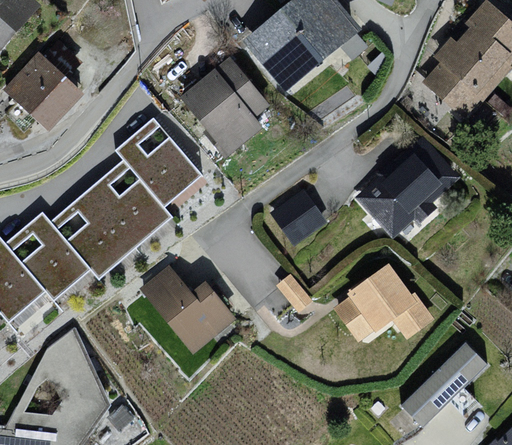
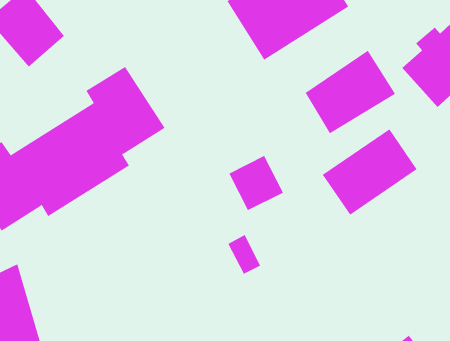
building: [177,53,270,158] -> none
building: none -> [305,50,396,134]
building: [335,265,432,341] -> none
building: [144,267,232,349] -> none

